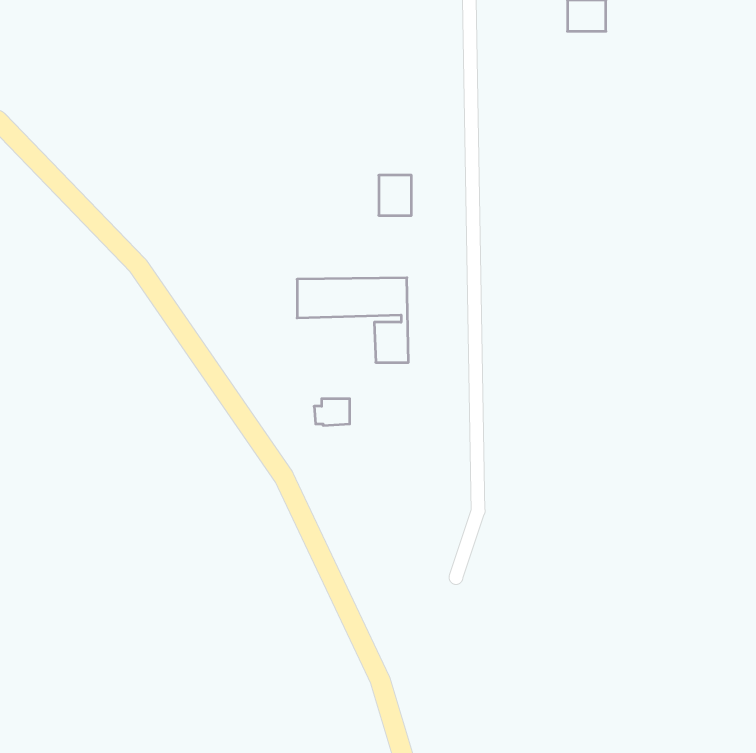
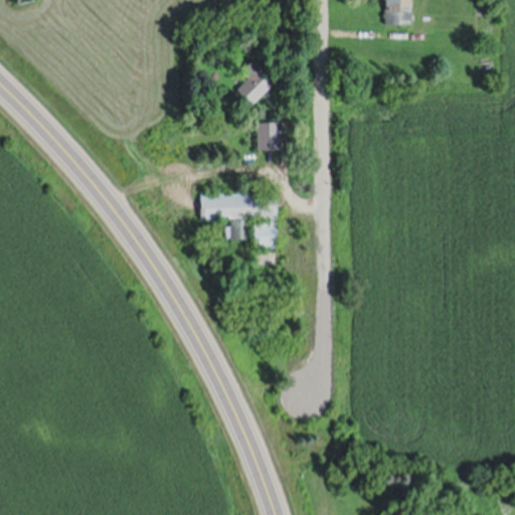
building: none -> [236,59,273,103]
building: [314,399,350,425] -> [224,220,248,238]

